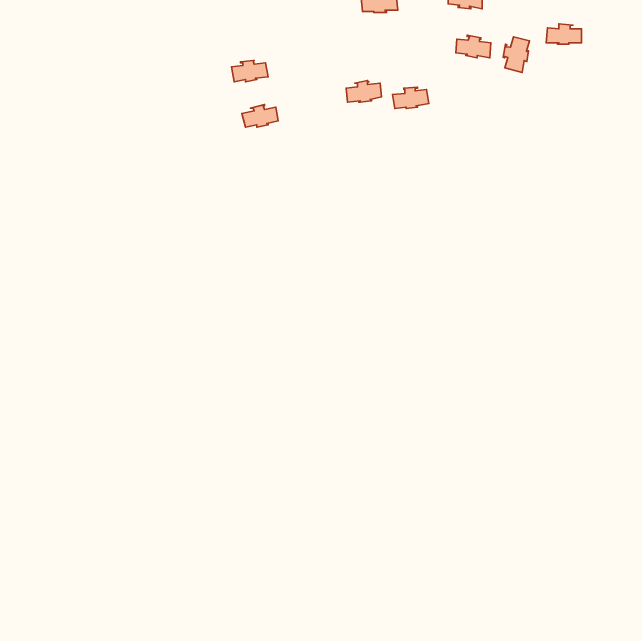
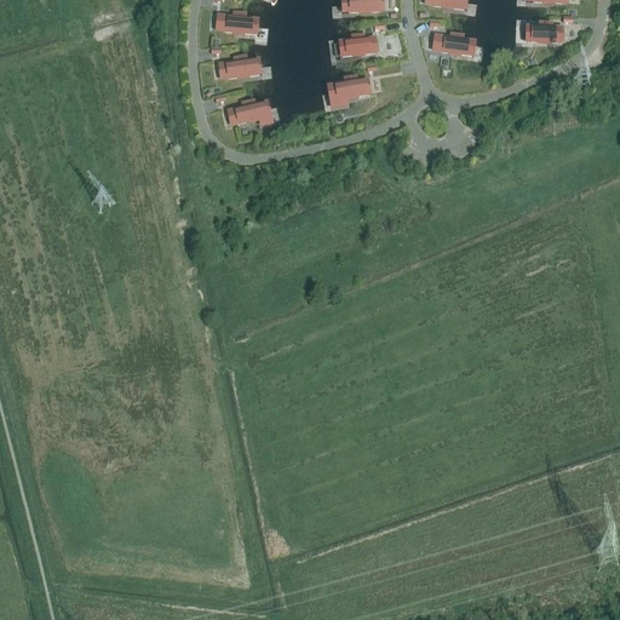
building: none -> [222,13,256,34]
building: [503,37,529,72] -> none
building: [392,87,429,108] -> [339,35,374,56]

